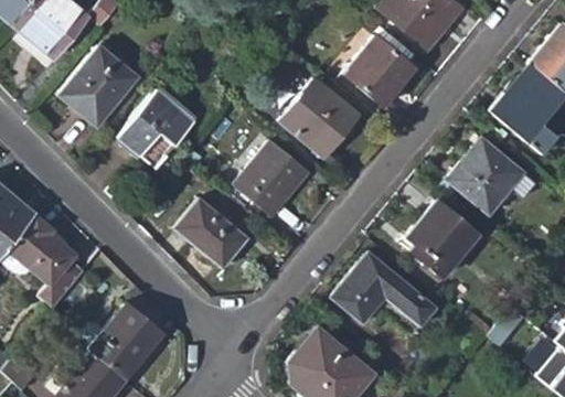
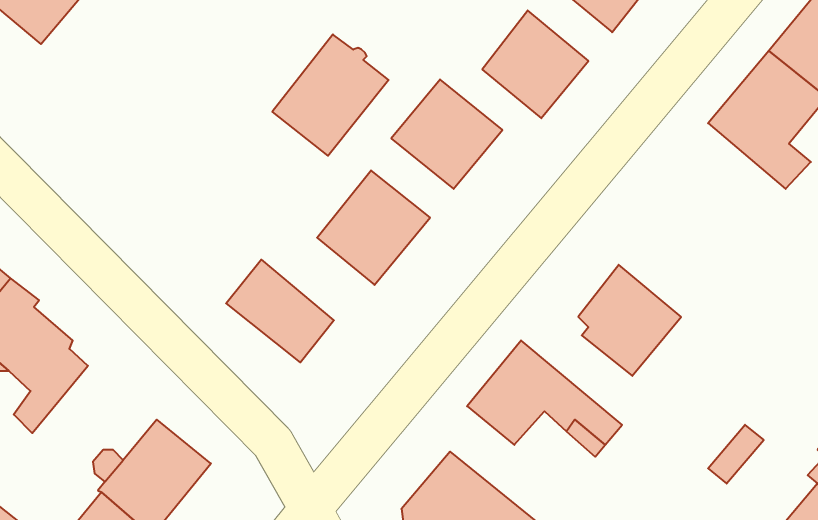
building: [61,45,138,126] -> none
building: [119,88,195,168] -> [272,34,389,156]
building: [446,139,535,213] -> none

